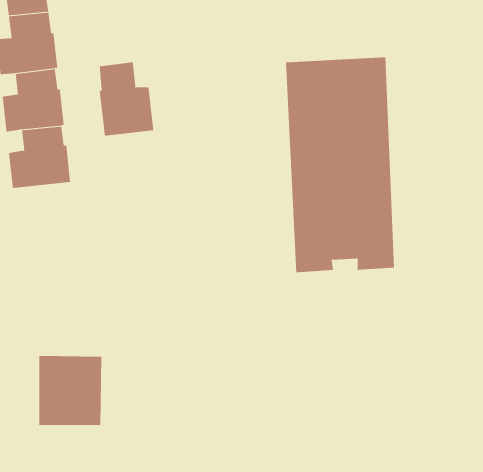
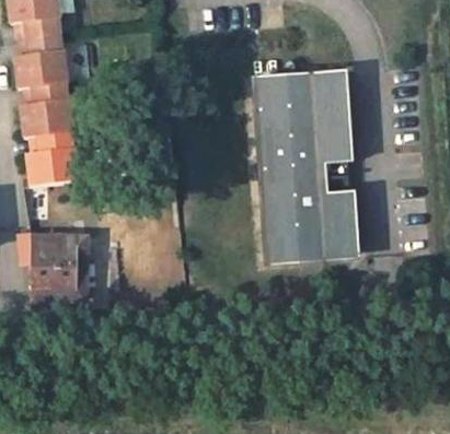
building: [99,61,154,136] -> none
building: [39,355,102,426] -> [31,238,85,298]

